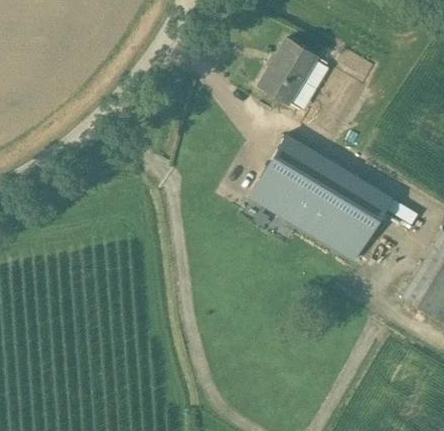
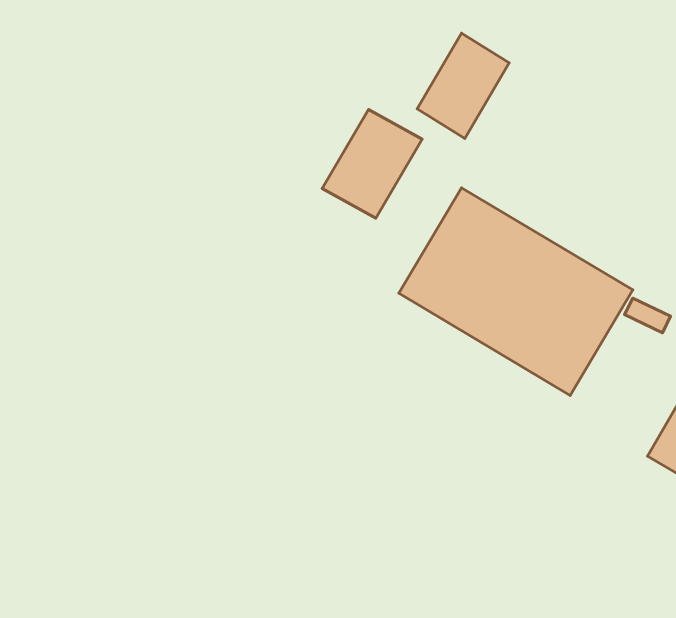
building: none -> [322,109,422,218]

